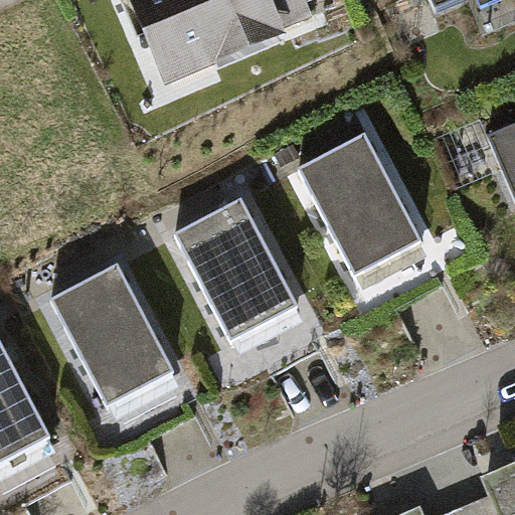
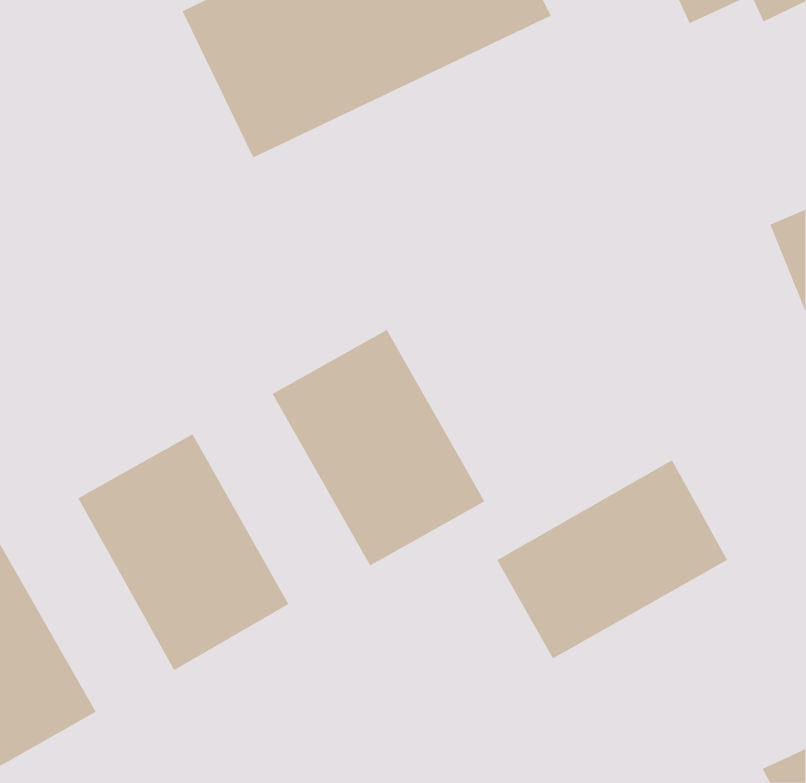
building: [297,140,433,291] -> none
building: none -> [496,460,728,659]

